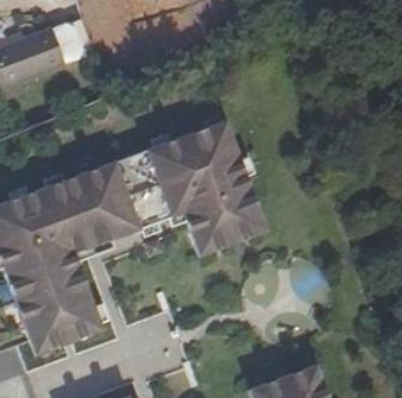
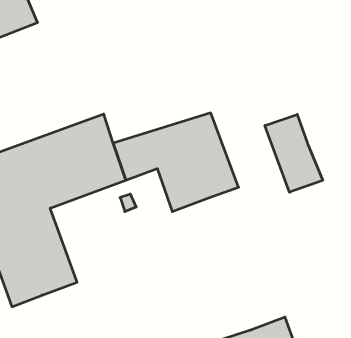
building: [132,121,241,187] -> none
building: none -> [265,114,323,192]

